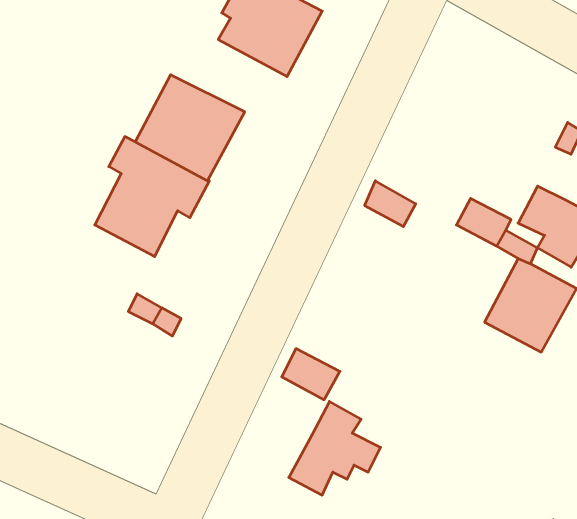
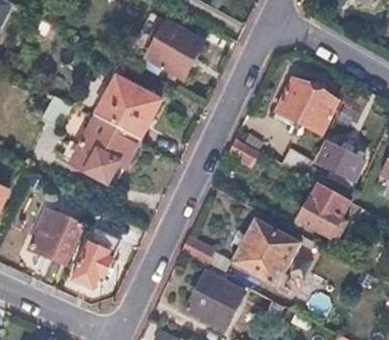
building: none -> [276,80,337,135]
building: none -> [30,208,84,263]
building: none -> [229,218,299,288]
building: none -> [73,243,112,287]

